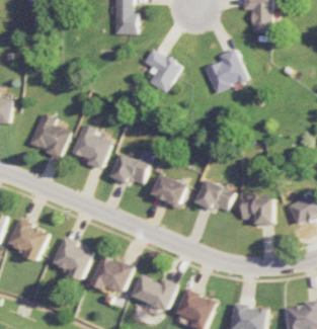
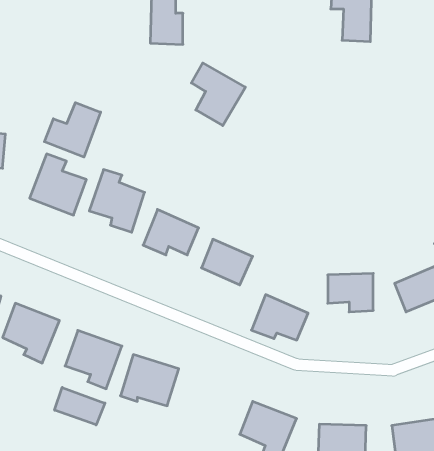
building: [204,49,247,94] -> none
building: none -> [44,103,101,157]
building: [193,179,234,212] -> [251,295,308,340]
building: [133,275,178,311] -> none
building: none -> [55,387,105,425]

